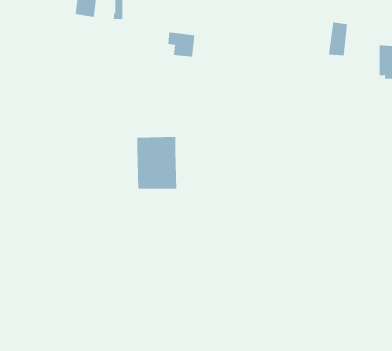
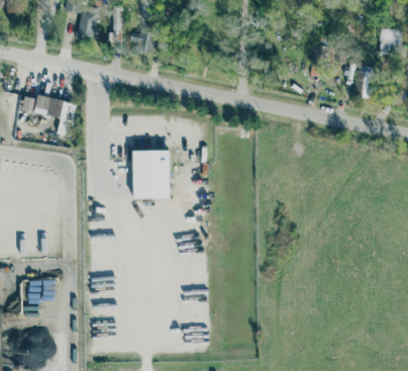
building: [168,32,195,57] -> [129,30,155,54]
building: none -> [21,95,75,135]

